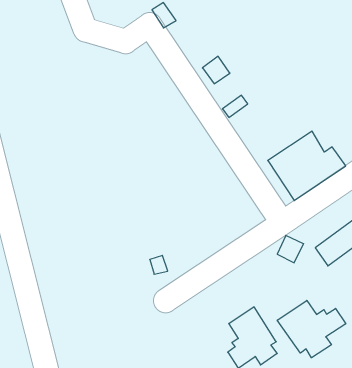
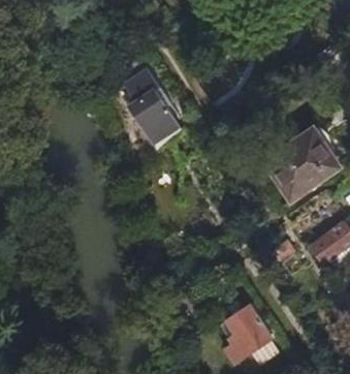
building: none -> [124,67,180,143]
building: [277,300,346,358] -> none

